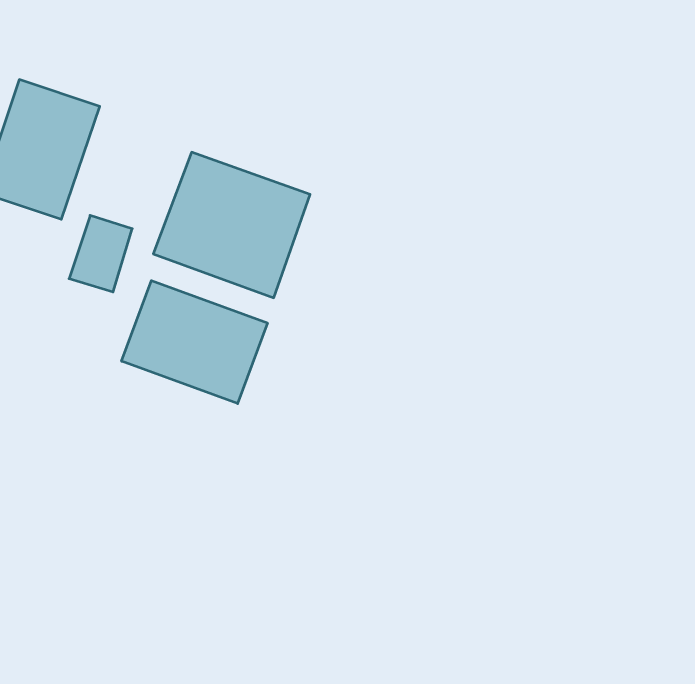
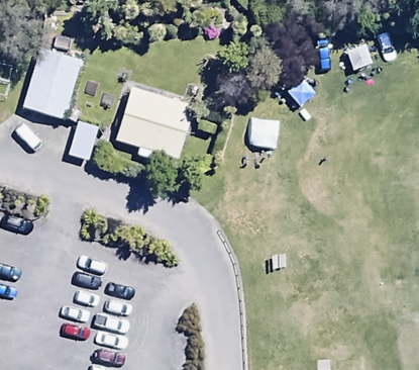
building: [122,281,267,404] -> none

